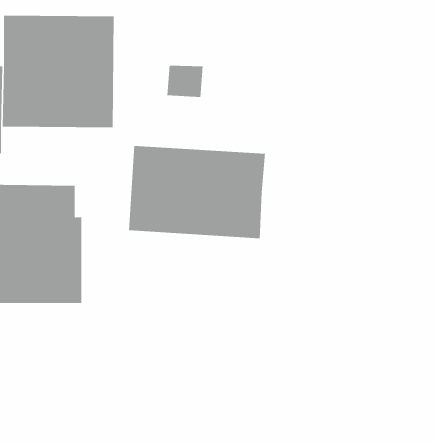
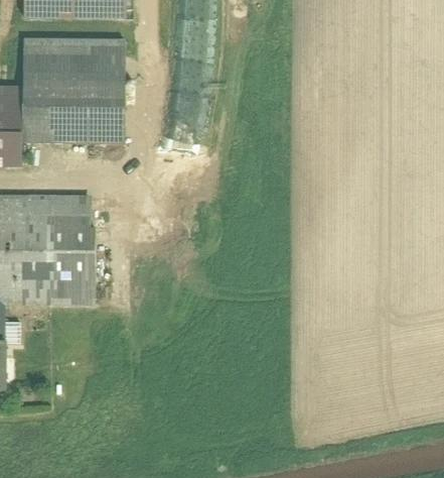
building: [128,145,265,239] -> none

